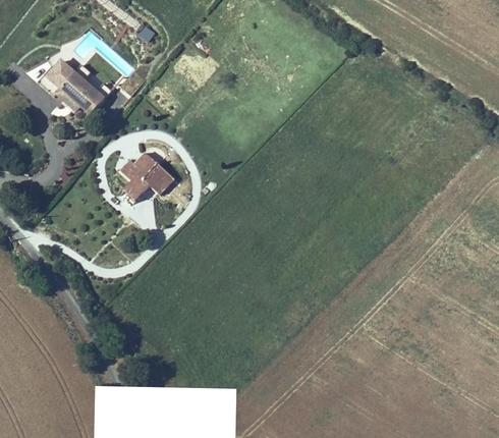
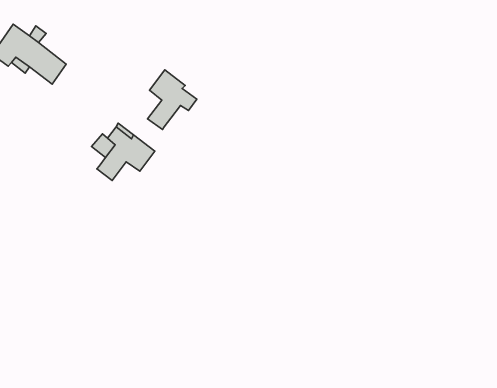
building: none -> [148,70,197,130]

